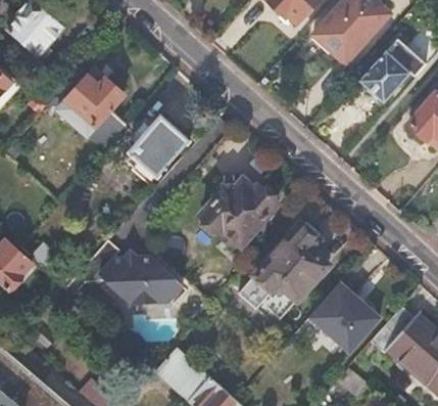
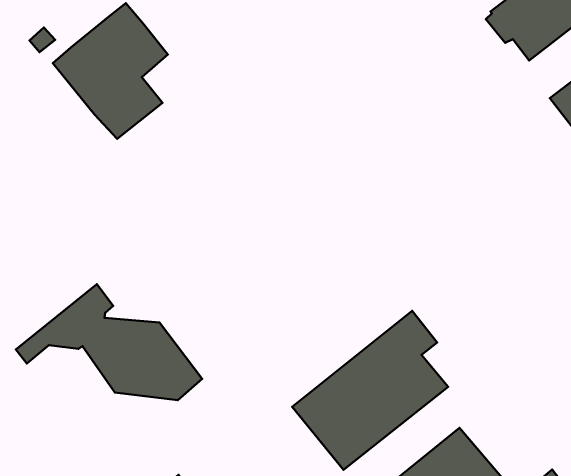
building: [131,116,190,176] -> none
building: [201,178,277,246] -> none

